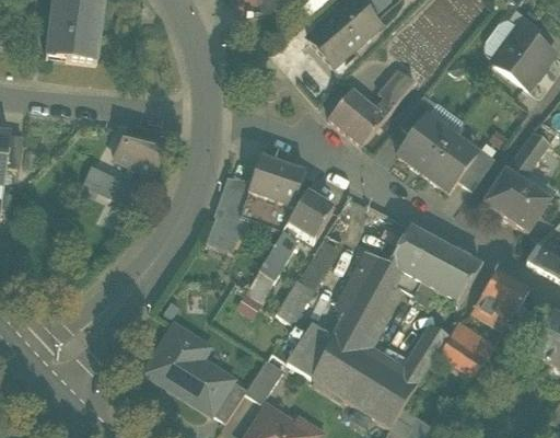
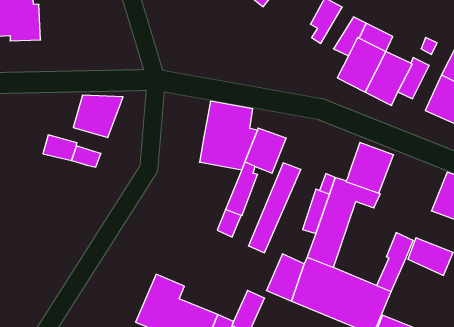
building: [329,88,387,145] -> none
building: [207,183,249,250] -> none
building: [421,243,482,301] -> none

